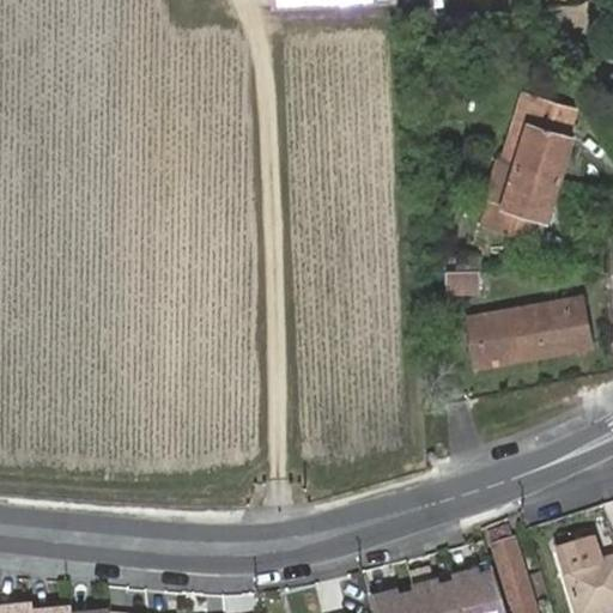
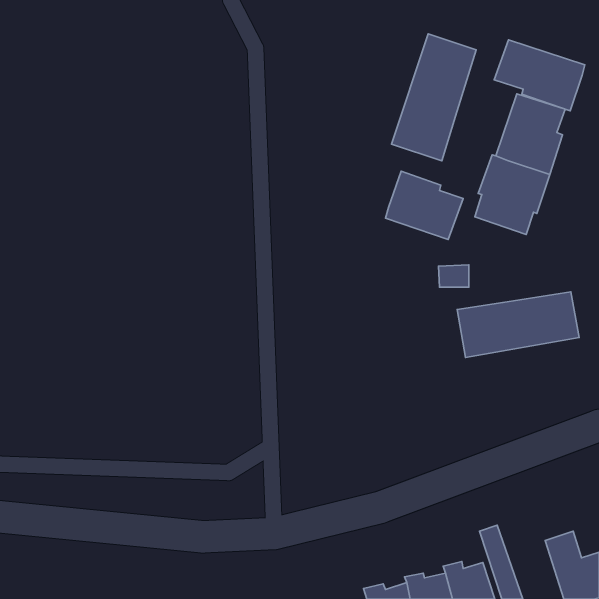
building: none -> [392,34,476,161]
building: none -> [494,40,585,111]
building: none -> [386,171,463,239]

